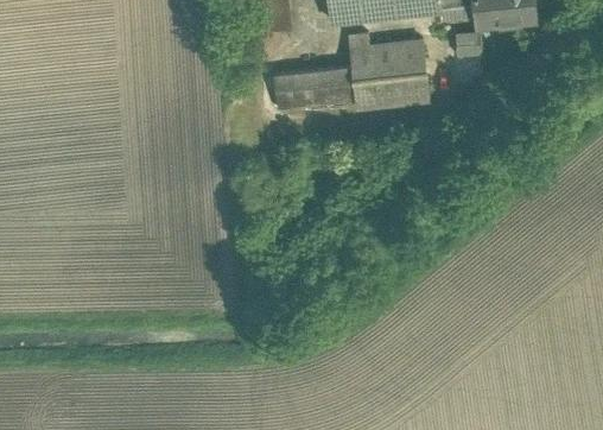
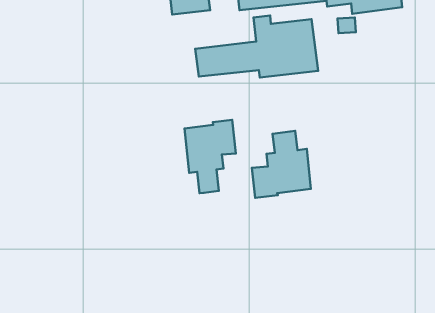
building: none -> [185,120,236,193]
building: none -> [252,131,311,198]

